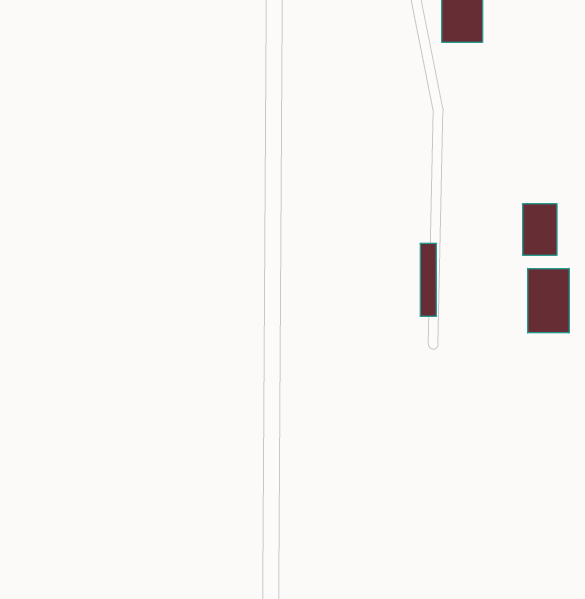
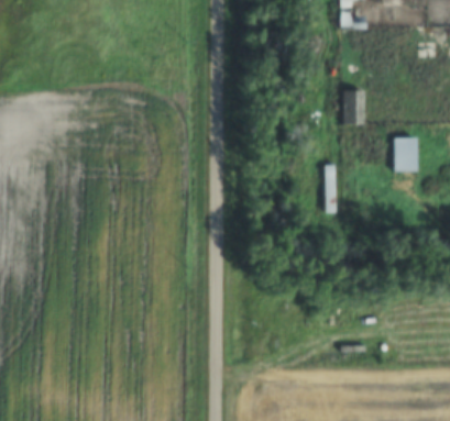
building: none -> [342,90,363,123]
building: [528,268,569,333] -> none

